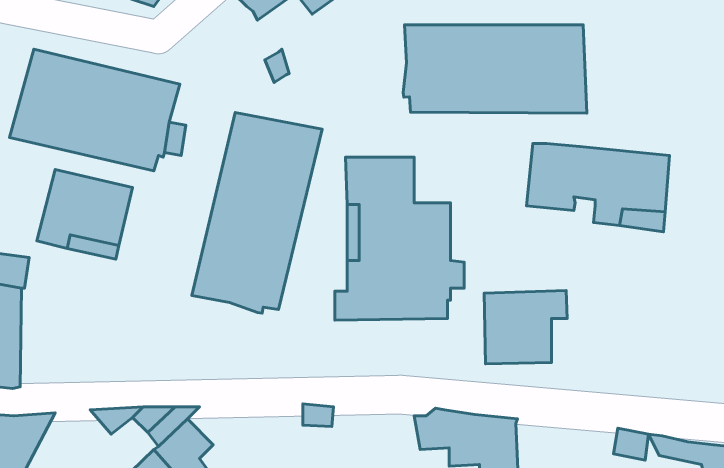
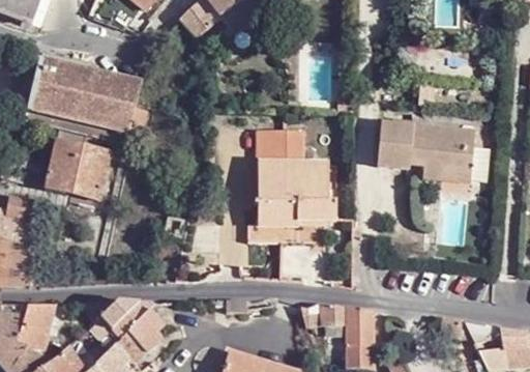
building: [403,25,587,113] -> none
building: [192,113,322,313] -> none
building: [484,291,567,364] -> none

